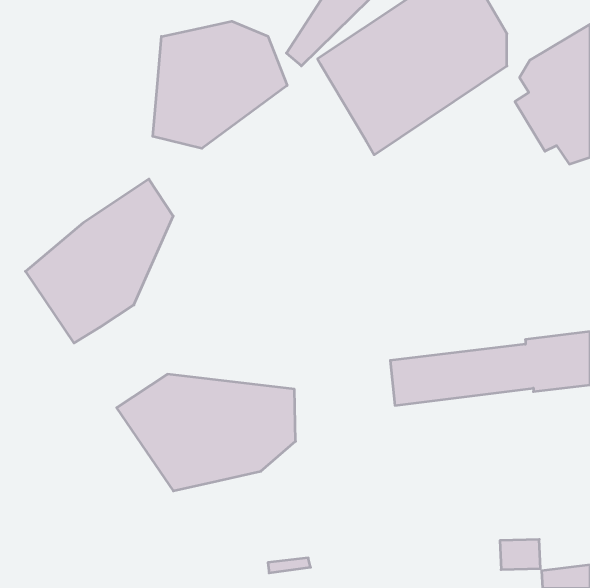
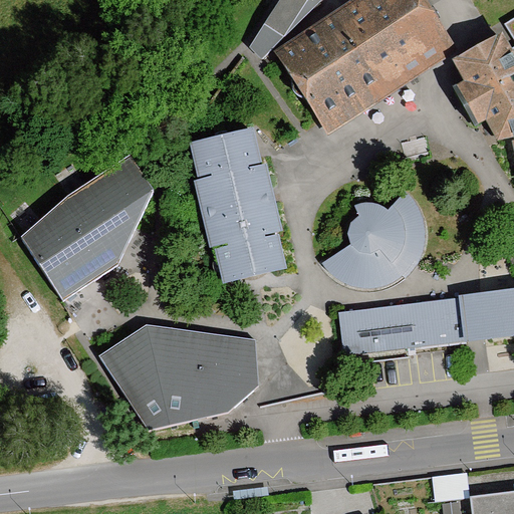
building: [153,21,287,148] -> none
building: none -> [192,130,283,281]
building: none -> [322,190,425,286]

